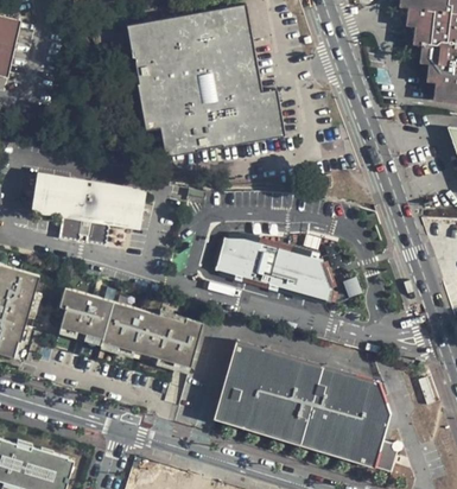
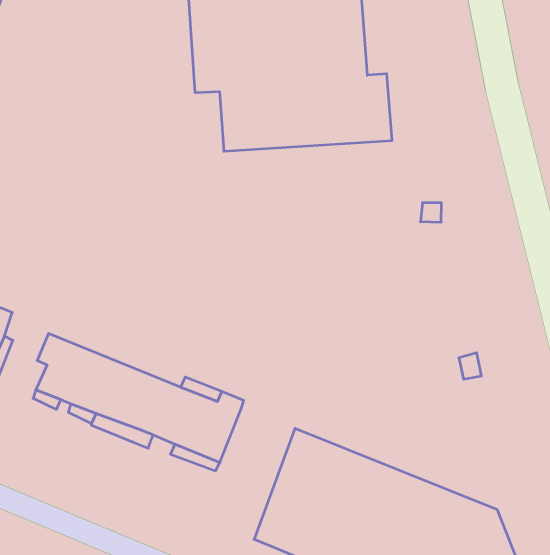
building: [31,174,142,241] -> none
building: [210,236,332,299] -> none

